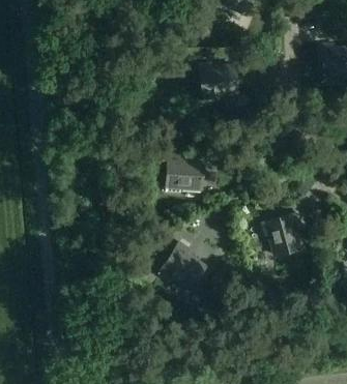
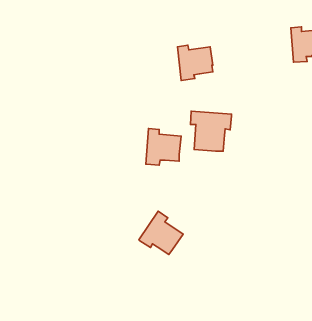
building: none -> [190,111,232,151]
building: [262,212,302,255] -> none

